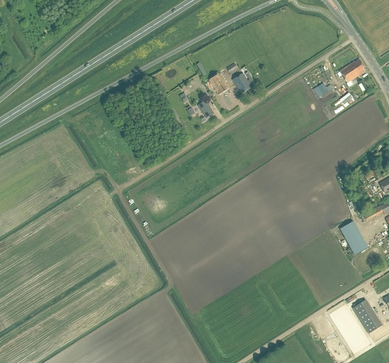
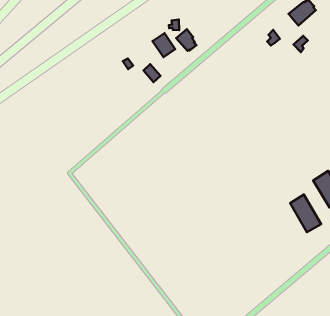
building: none -> [290,195,321,232]

